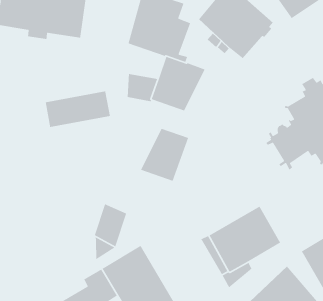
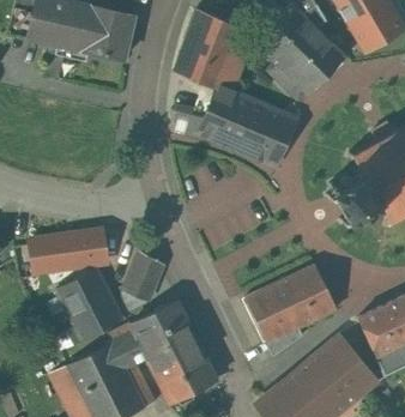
building: [45,90,111,128] -> [31,232,105,271]
building: [140,128,189,182] -> [236,104,295,167]
building: none -> [56,270,121,339]

